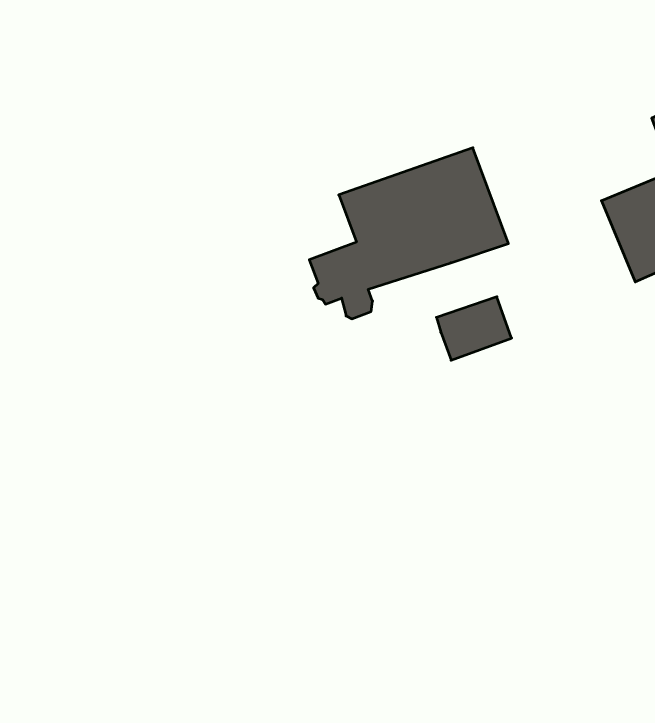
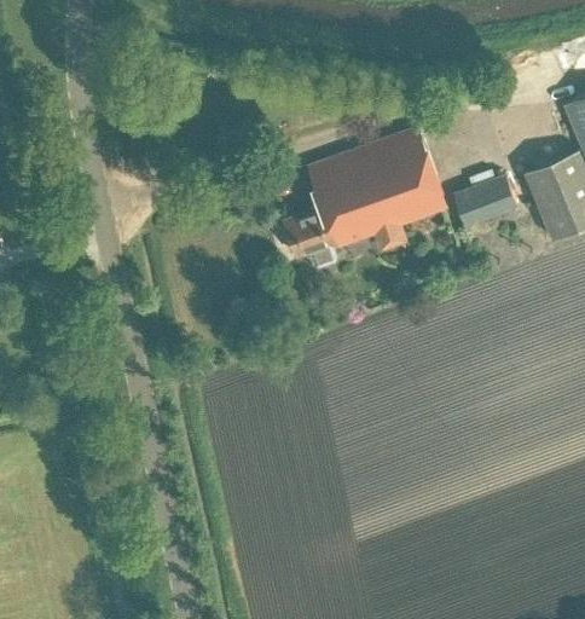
building: [436,297,512,360] -> [457,174,519,226]

